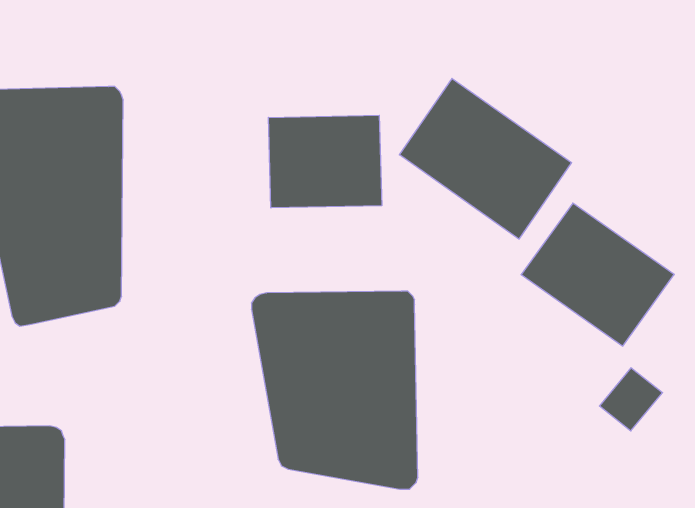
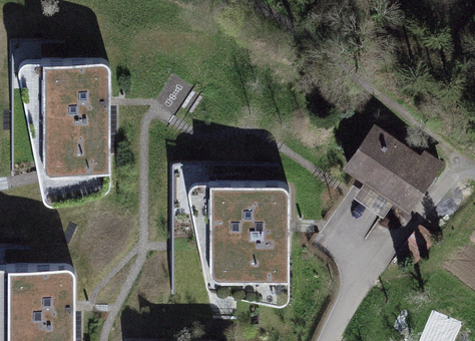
building: [399,78,572,239] -> none
building: [268,115,382,208] -> none

